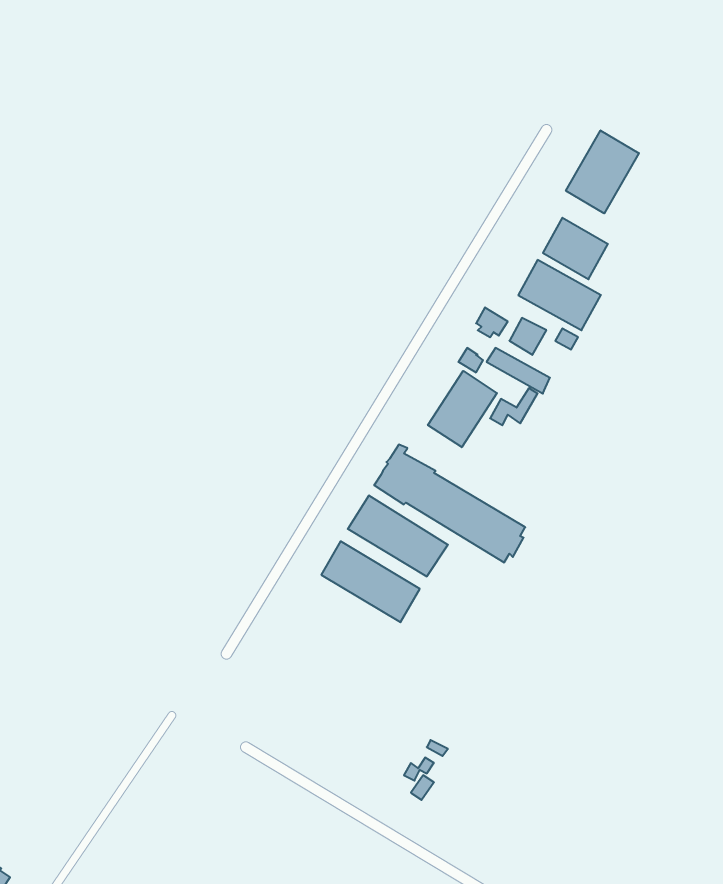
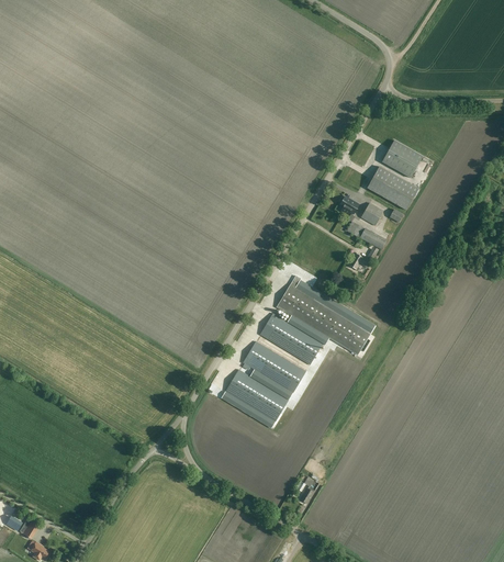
building: [566,130,639,213] -> none
building: [428,371,497,447] -> none
building: none -> [226,369,289,420]

